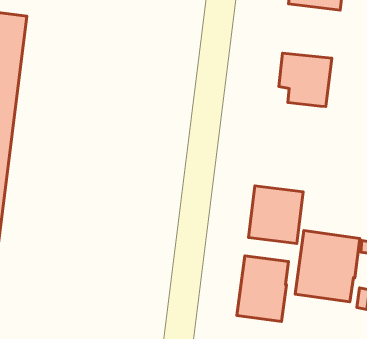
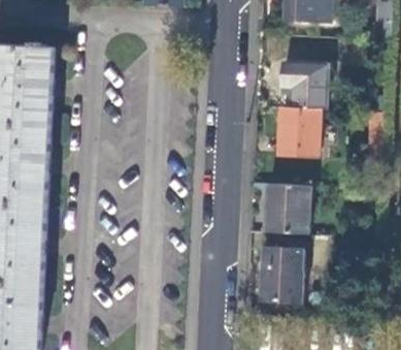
building: none -> [278,107,320,158]
building: [295,231,360,302] -> none

